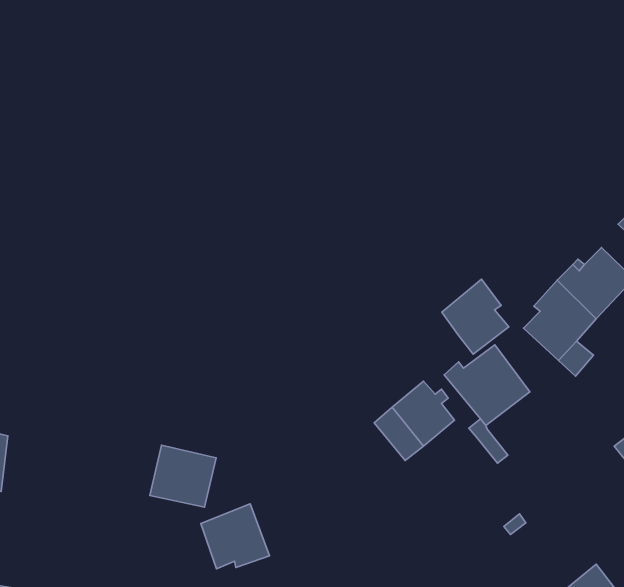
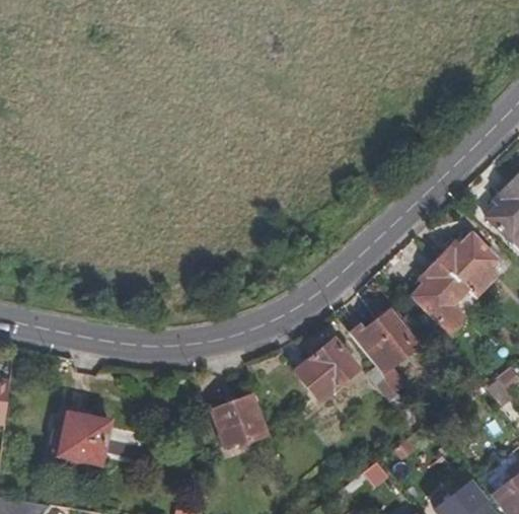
building: [442,279,509,354] -> none
building: [150,445,216,507] -> [56,413,107,461]
building: [201,504,270,569] -> [213,394,267,445]

